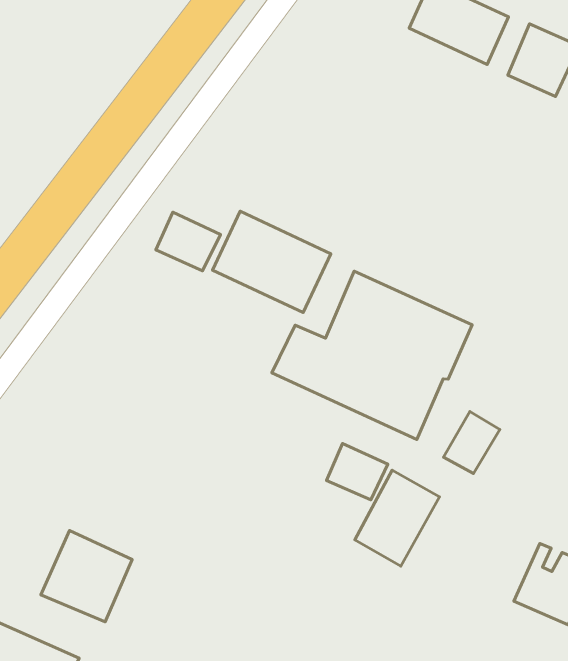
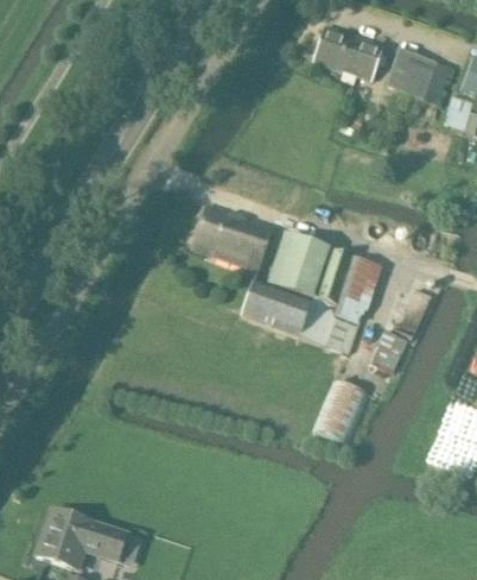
building: [156,212,220,271] -> none
building: [326,443,388,500] -> none
building: [41,531,132,622] -> none

